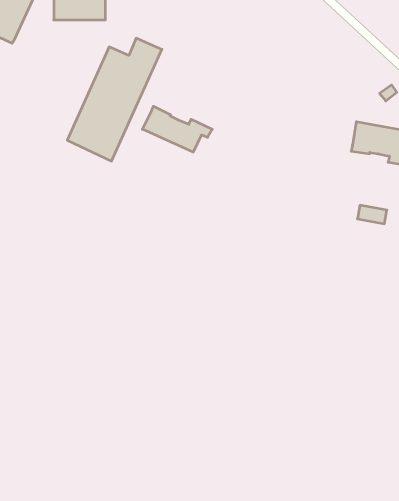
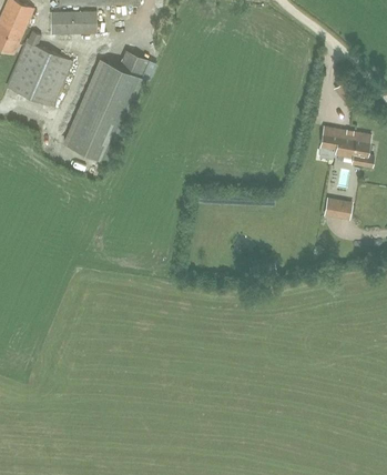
building: none -> [10,32,71,105]
building: [142,106,212,152] -> none

